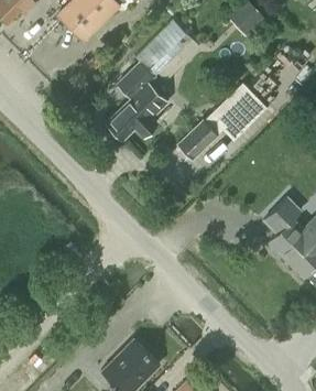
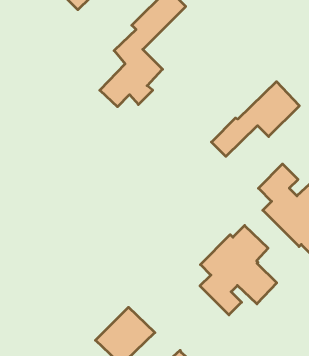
building: [177,84,265,159] -> [211,82,299,156]
building: none -> [200,225,277,315]

